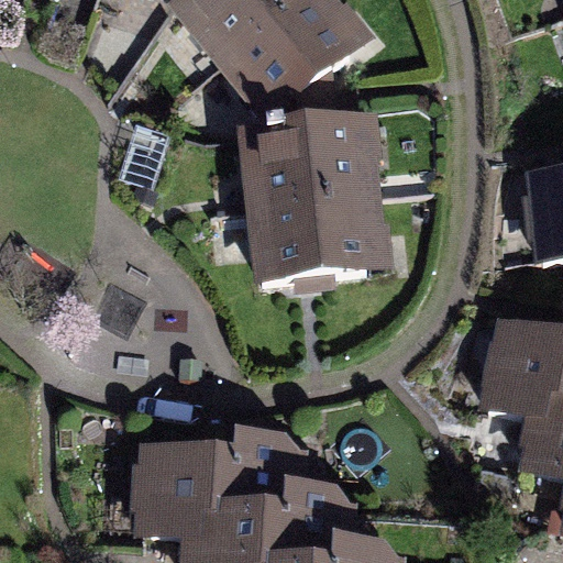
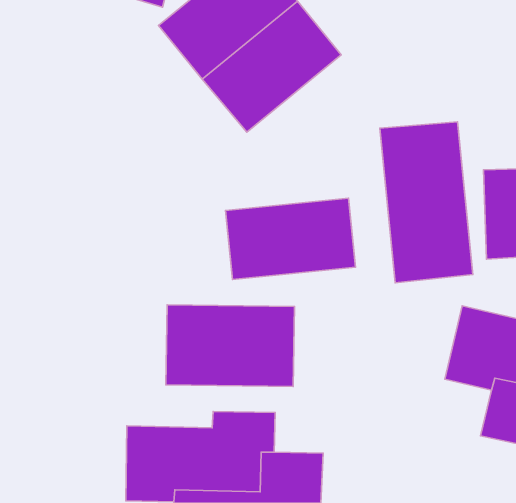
building: none -> [380,122,473,283]
building: [240,140,380,228] -> none
building: none -> [166,305,295,387]

